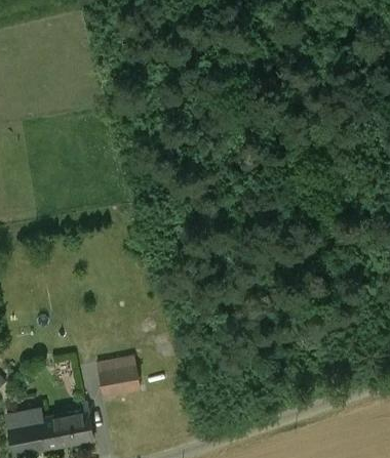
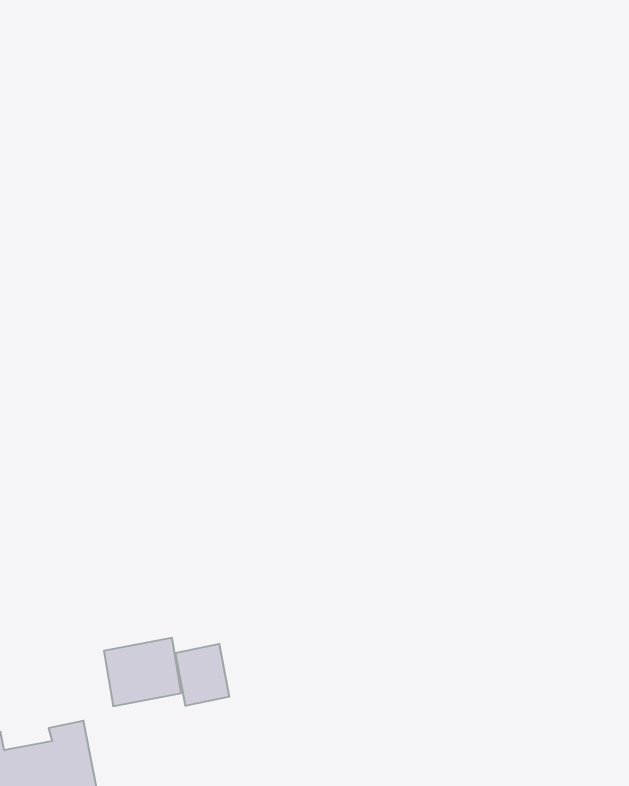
building: none -> [176,644,229,706]

